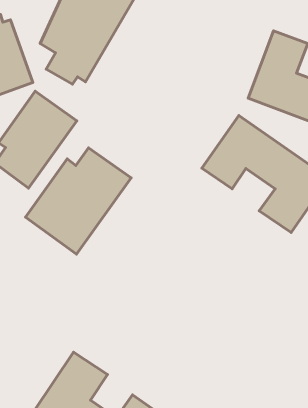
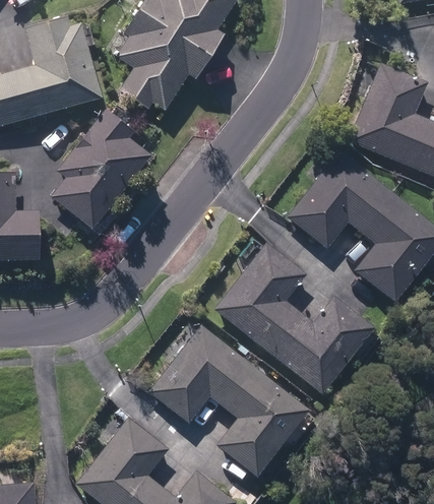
building: [25,148,131,254] -> none
building: none -> [216,242,375,393]
building: none -> [153,328,303,469]

